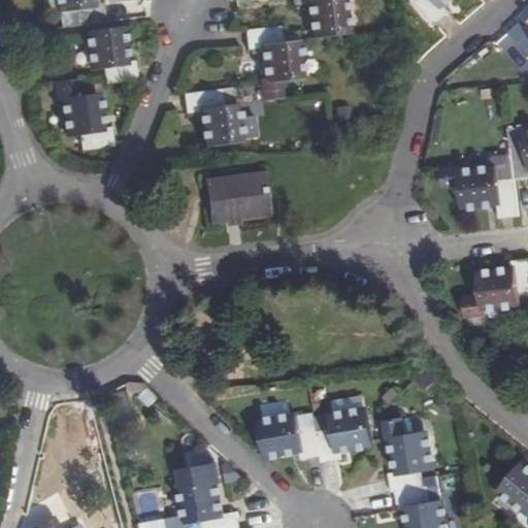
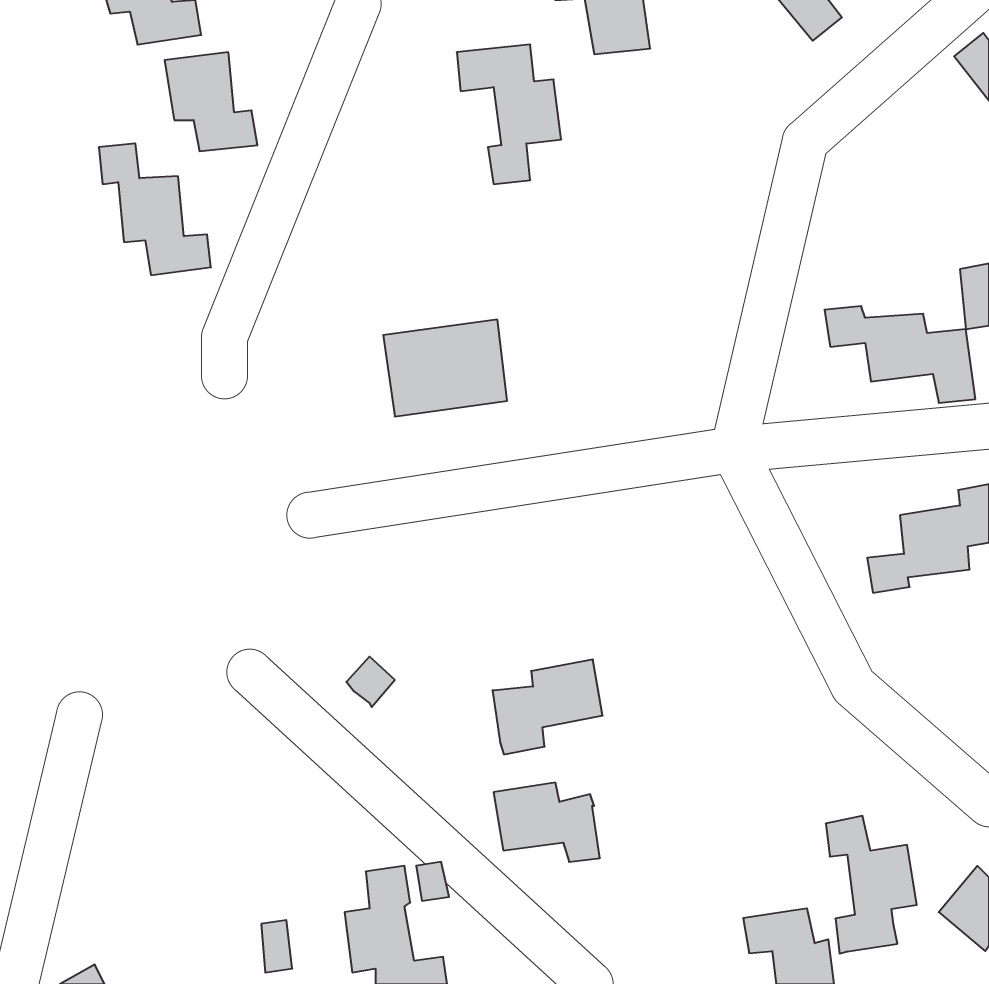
building: [183,86,255,141] -> none
building: [316,412,374,463] -> [492,659,603,754]
building: [385,417,433,490] -> [826,816,917,953]

